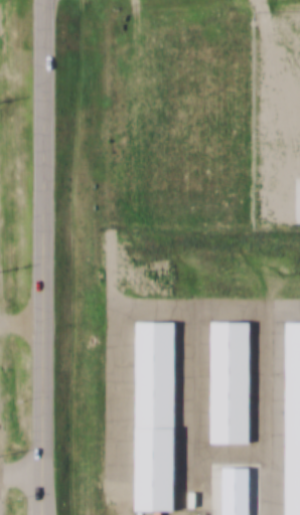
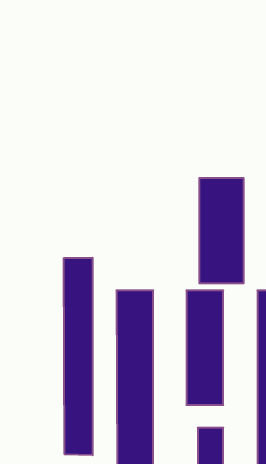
building: none -> [199,178,244,283]
building: none -> [64,258,93,455]

